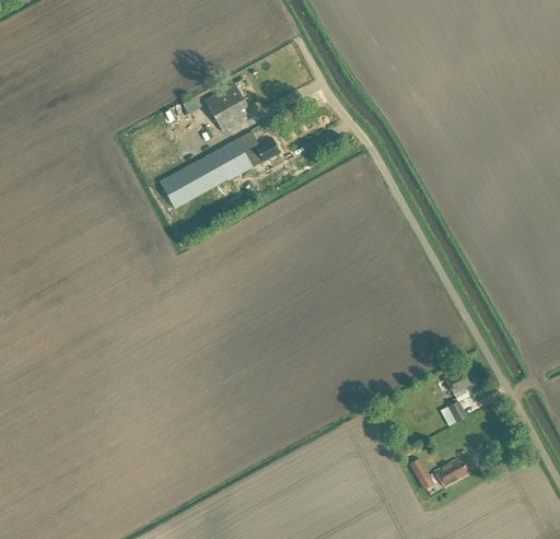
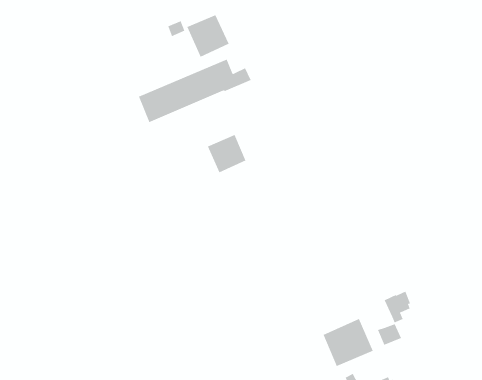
building: none -> [207,134,246,173]
building: none -> [323,318,374,367]

